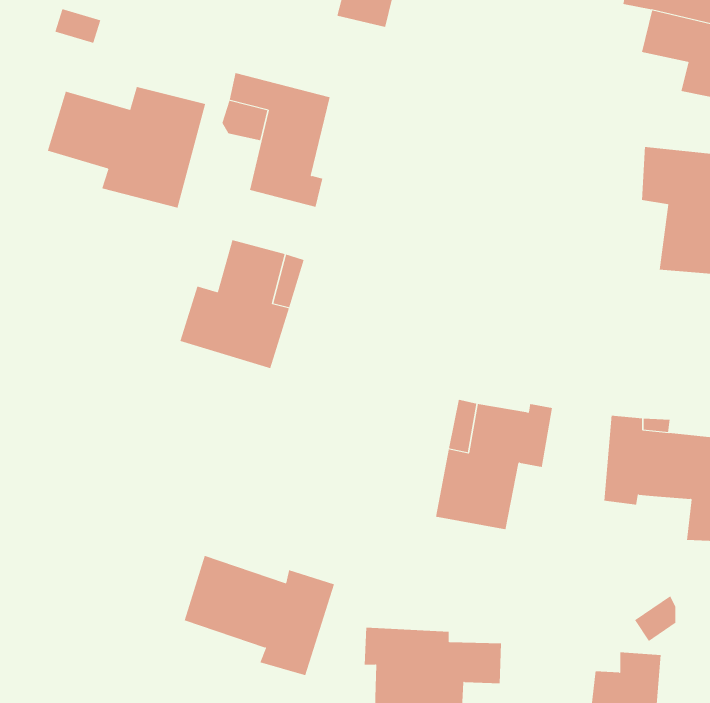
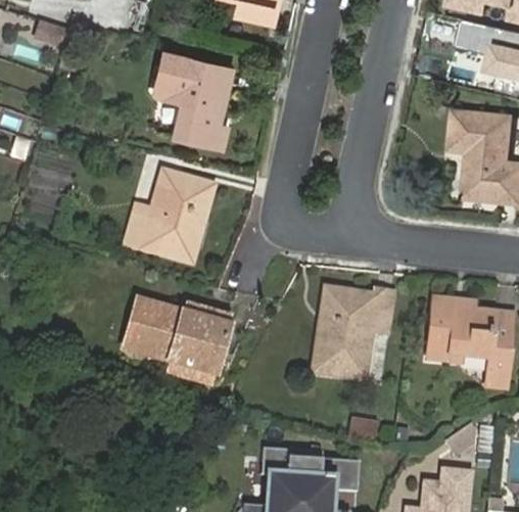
building: [47,86,206,208] -> none
building: [184,555,335,676] -> [124,299,230,384]

